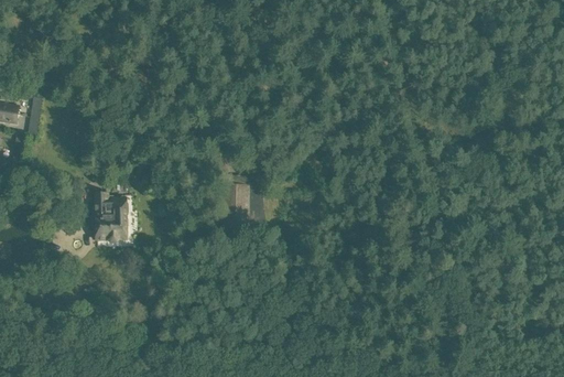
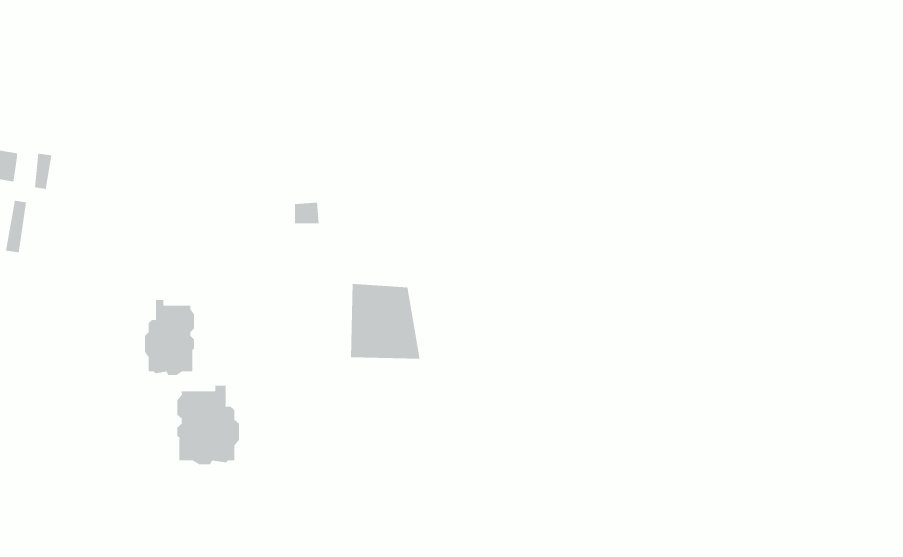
building: none -> [177,385,239,465]

